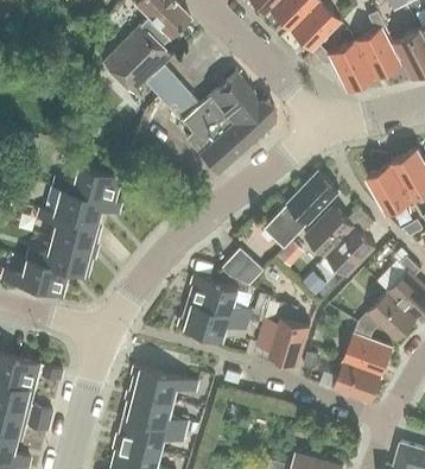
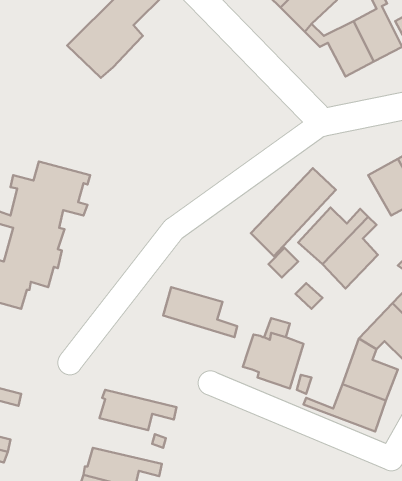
building: [142,62,274,171] -> none
building: [222,248,262,284] -> none
building: [178,300,249,340] -> none
building: [125,391,189,431] -> none

